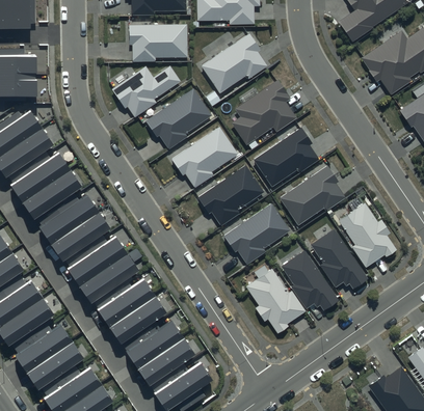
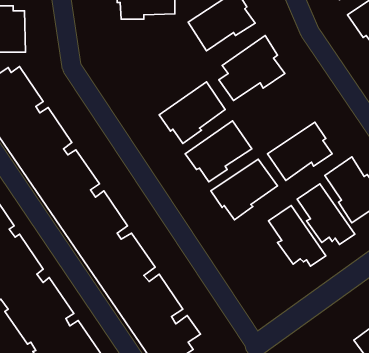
building: [112,65,181,117] -> none
building: [145,88,212,149] -> none
building: [254,127,319,186] -> none
building: [245,269,306,333] -> none

